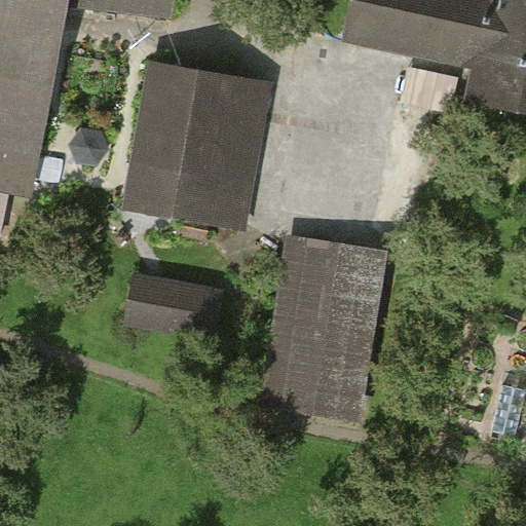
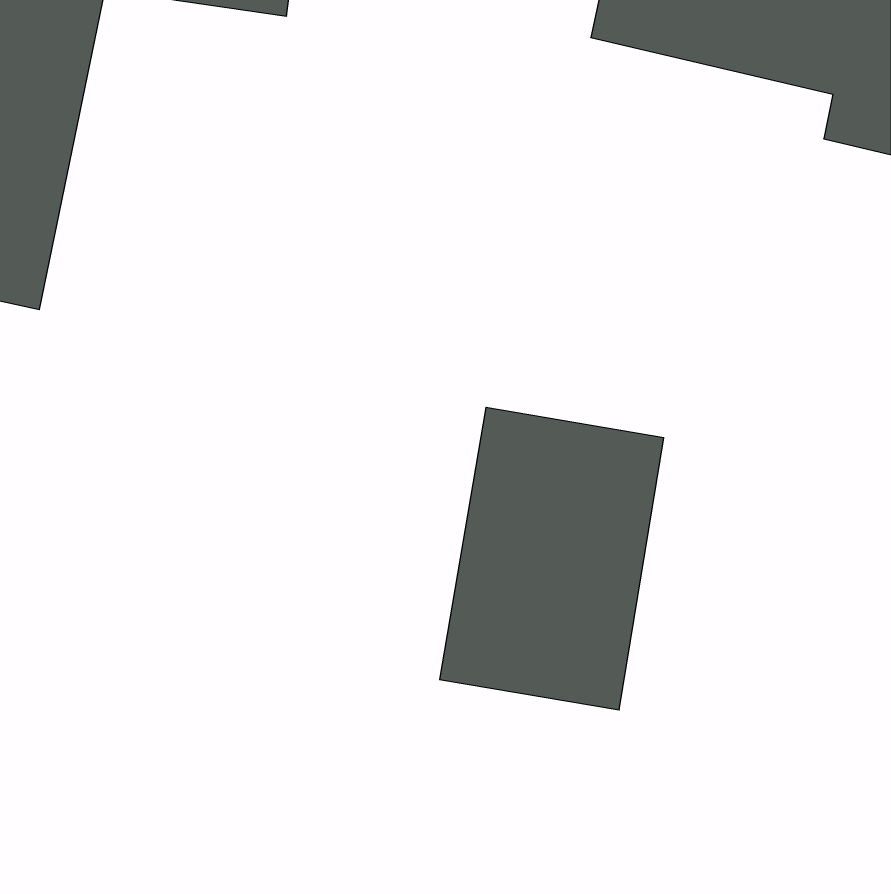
building: [128,66,258,226] -> none
building: [126,278,222,341] -> none

